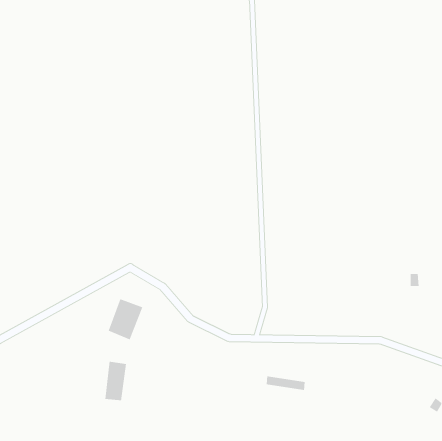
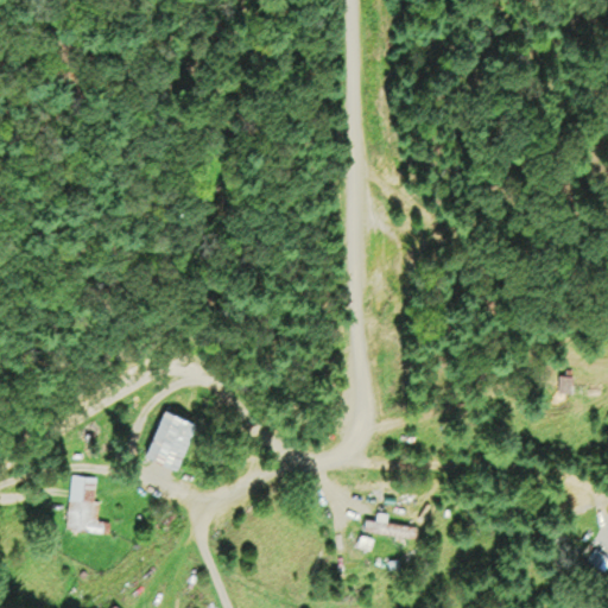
building: [104,361,127,401] -> [66,476,97,531]

